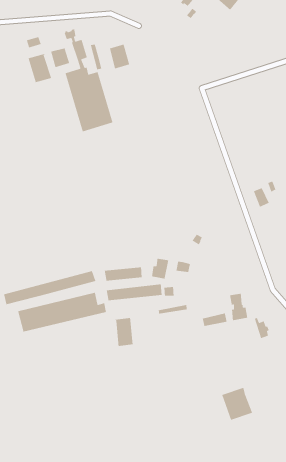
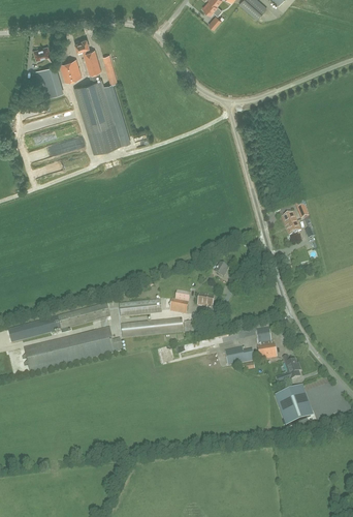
building: [108,44,130,70] -> none
building: [115,317,134,347] -> none
building: [221,387,253,421] -> [276,387,311,424]

